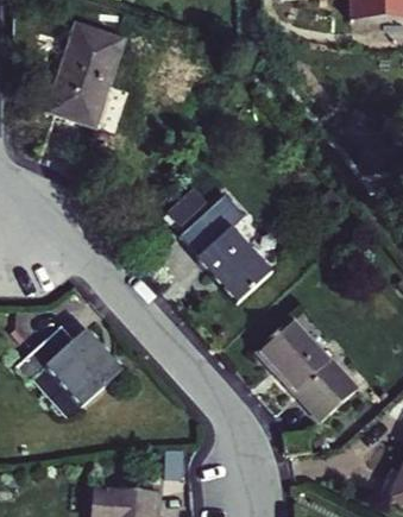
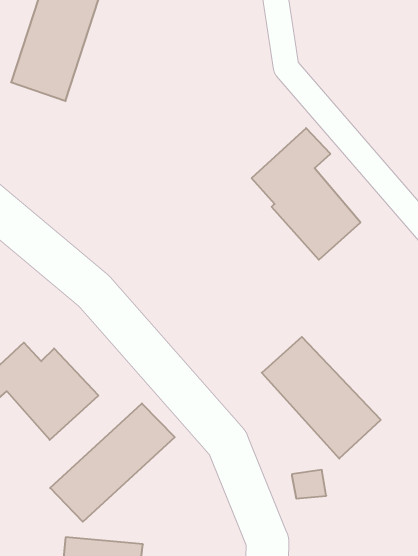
building: [180,194,270,303] -> [252,128,360,260]
building: none -> [50,403,175,522]

